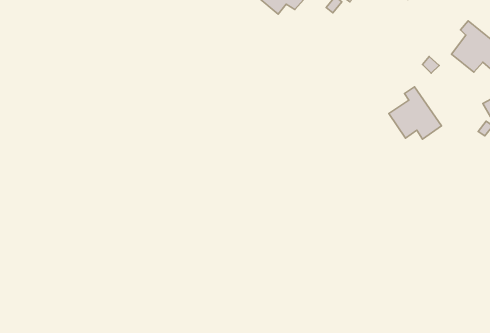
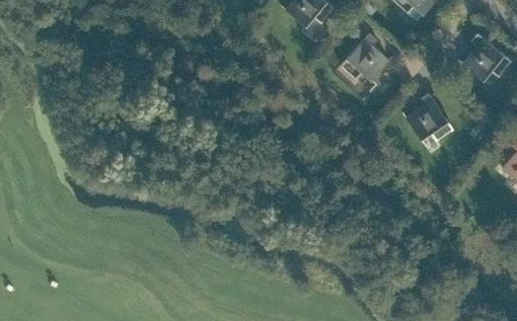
building: none -> [340,34,388,81]

